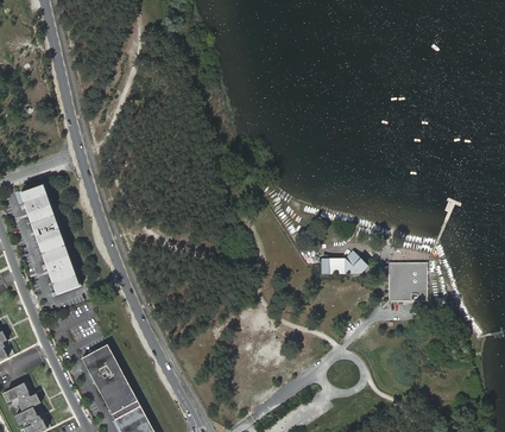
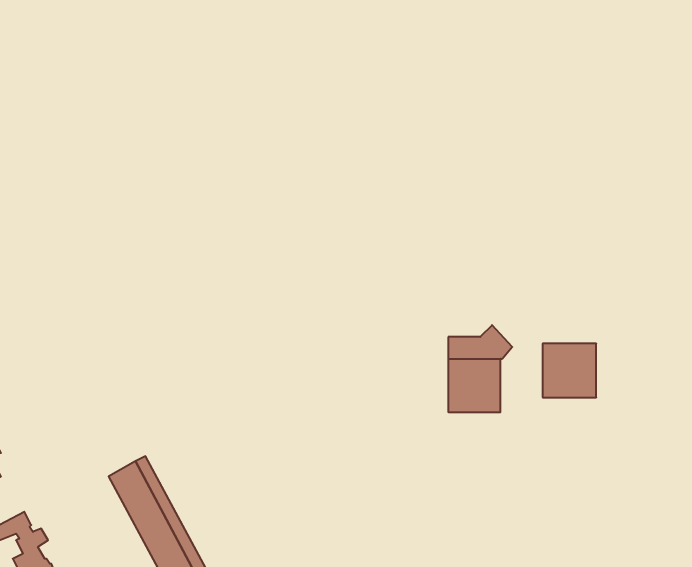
building: [18,183,78,293] -> none
building: none -> [449,359,500,412]

